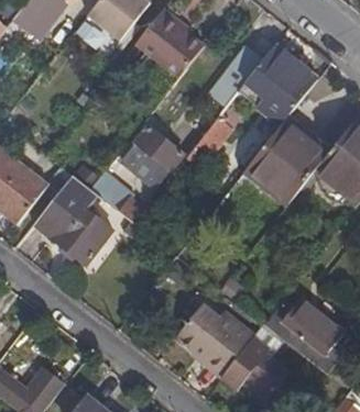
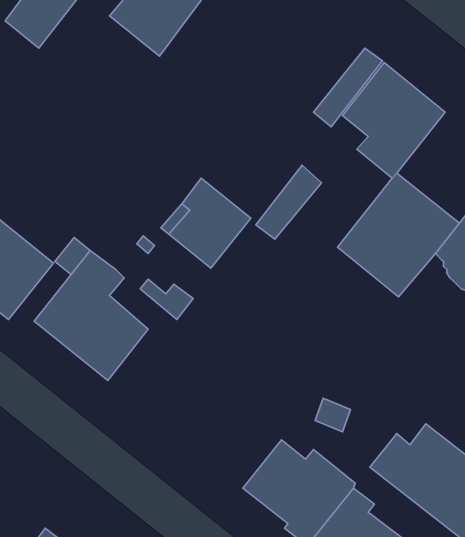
building: [132,11,201,80] -> none

